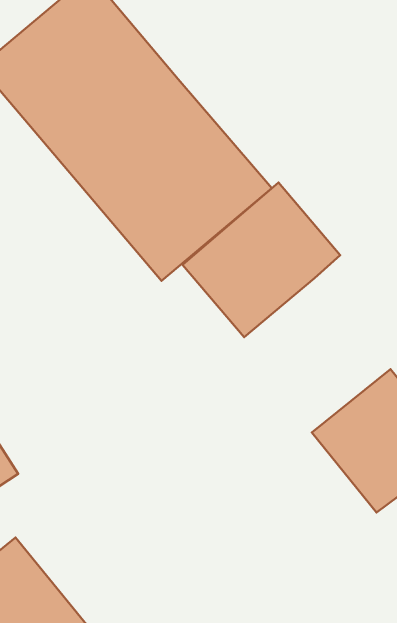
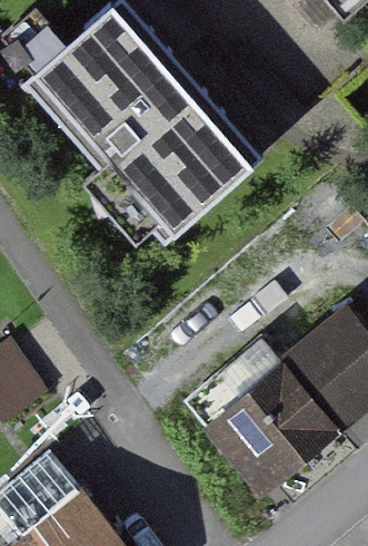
building: [182,183,340,337] -> none
building: none -> [189,339,340,493]

